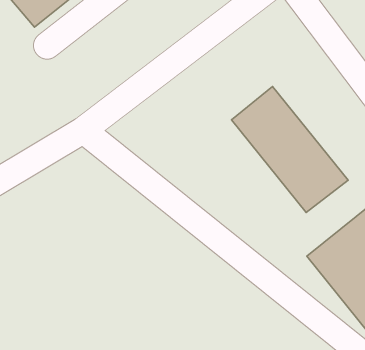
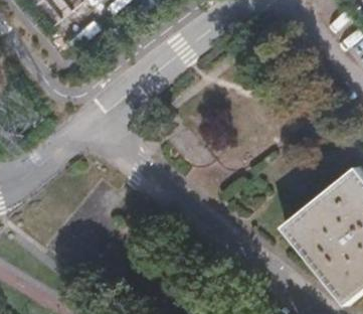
building: [232,87,348,212] -> none

